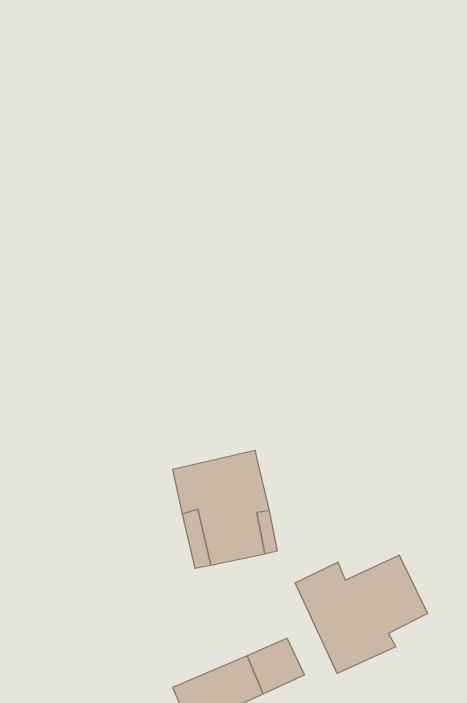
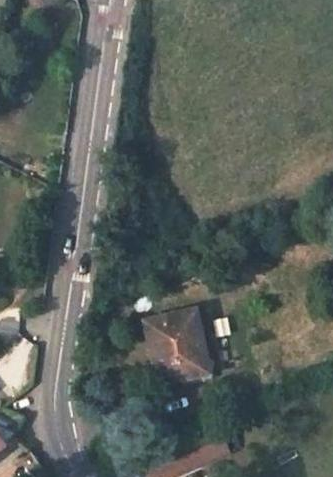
building: [295,555,427,673] -> none

